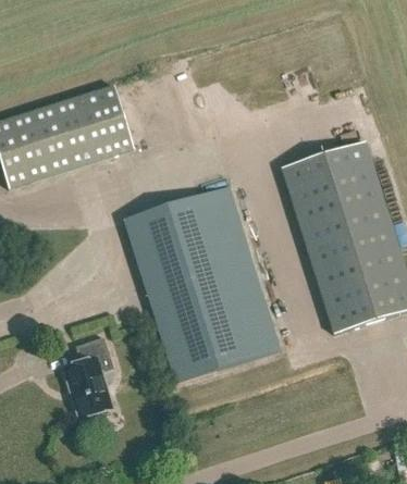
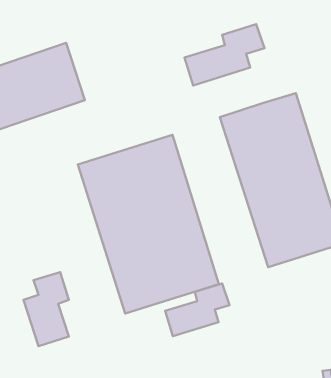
building: none -> [184,24,265,85]
building: none -> [165,283,229,336]

